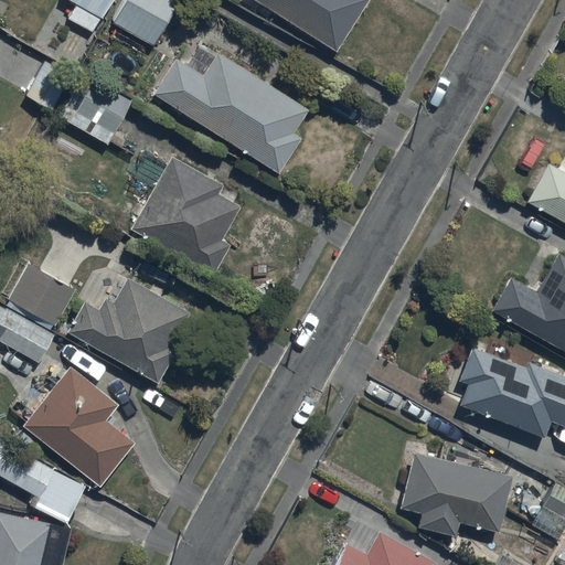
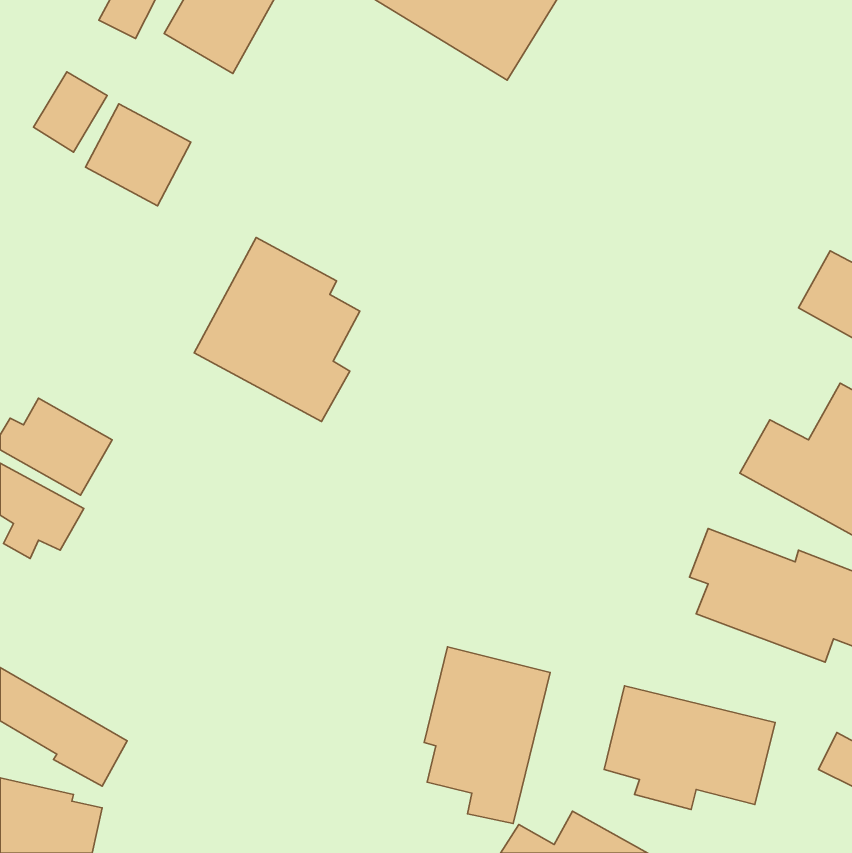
building: [156,52,308,174] -> none
building: [66,279,190,385] -> none
building: [21,366,136,488] -> none
building: none -> [424,647,550,824]

